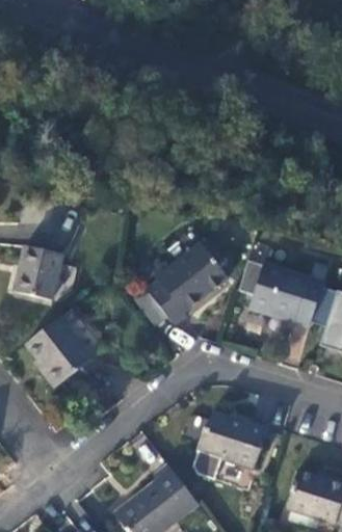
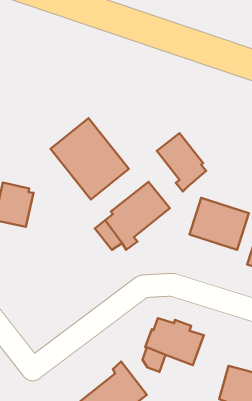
building: none -> [51,118,129,199]
building: none -> [157,133,206,191]
building: [24,316,93,388] -> none

